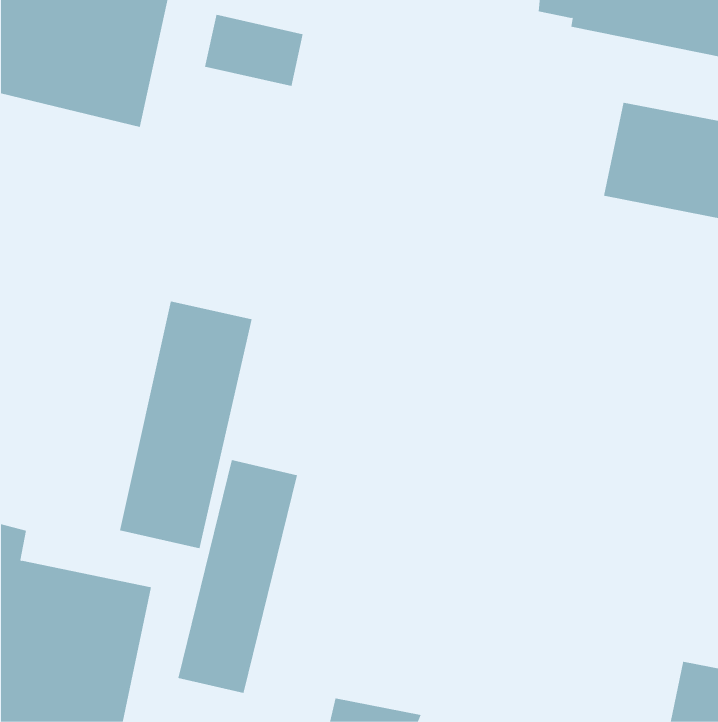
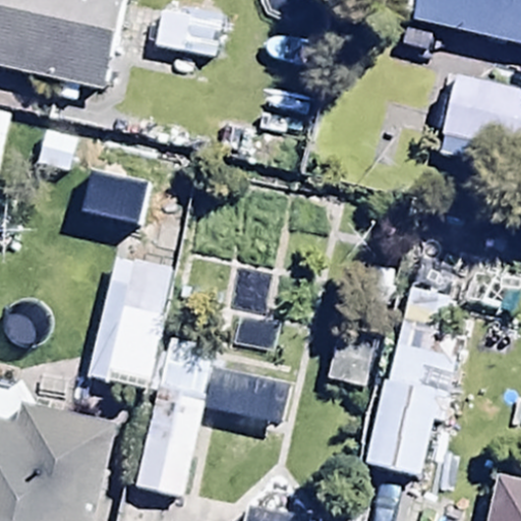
building: none -> [365,238,477,478]

